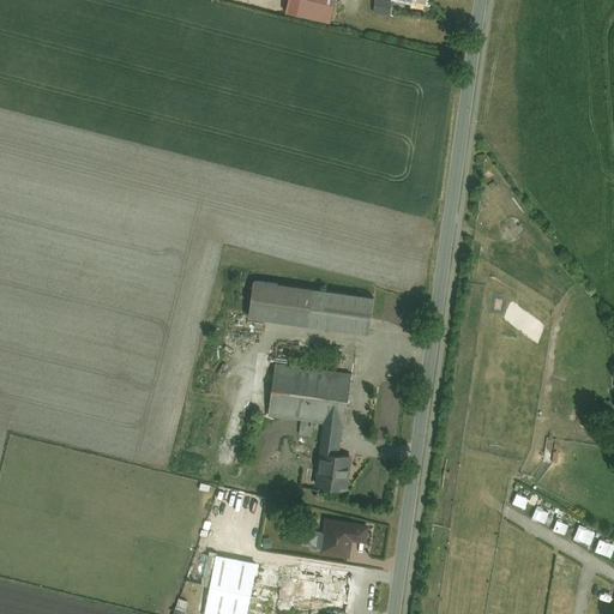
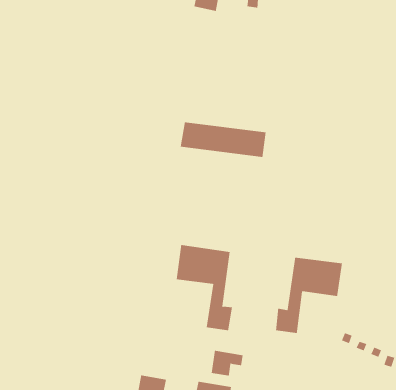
building: [246,282,373,335] -> [180,122,266,158]
building: none -> [275,257,342,334]

